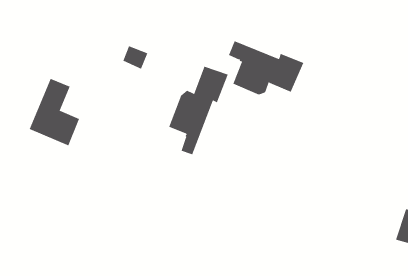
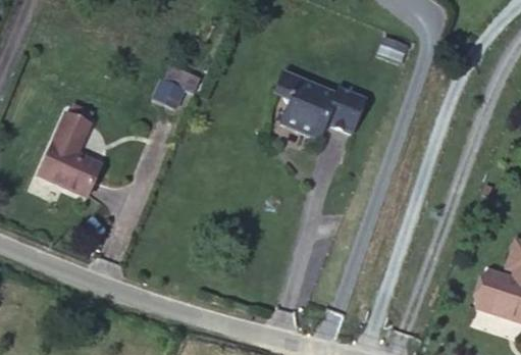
building: [168,66,229,155] -> none

